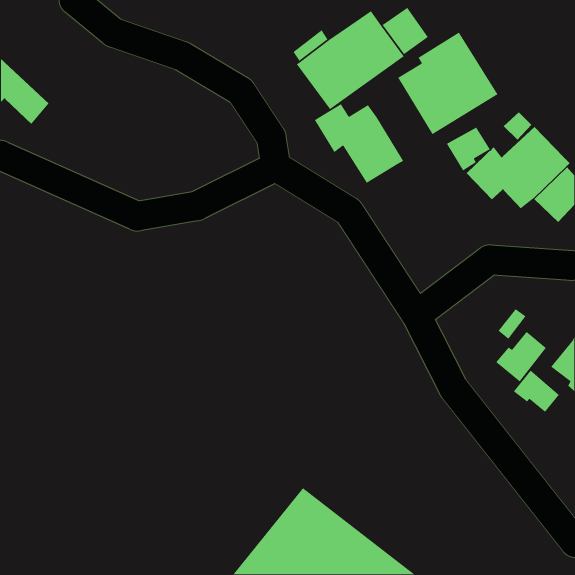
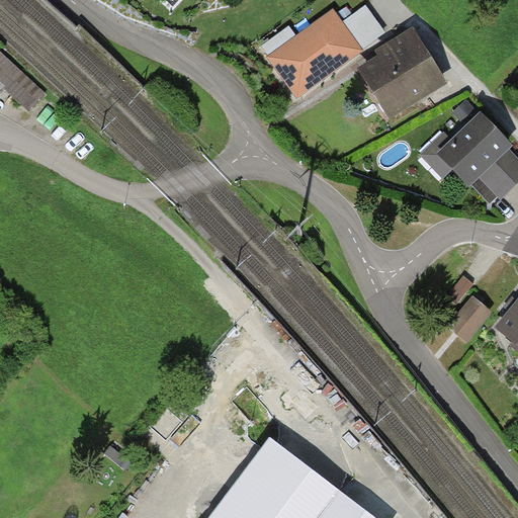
building: [314,103,404,184] -> none
building: [446,126,491,172] -> none
building: [513,369,560,413] -> none

